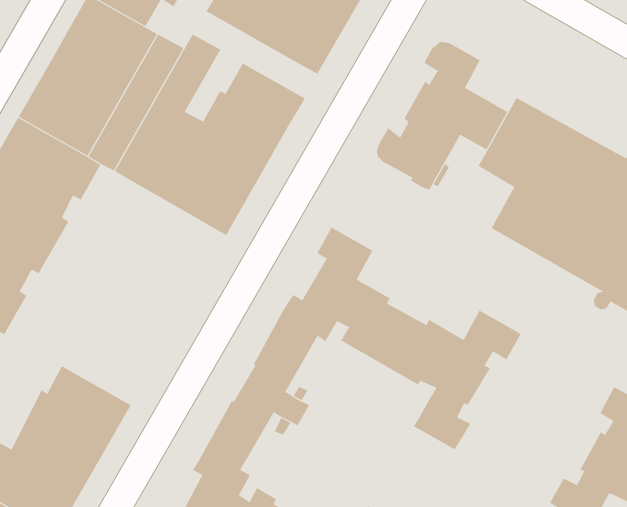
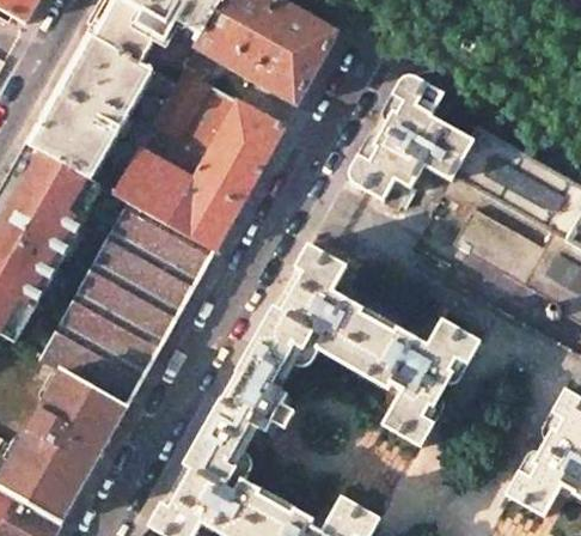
building: none -> [41,201,214,404]

